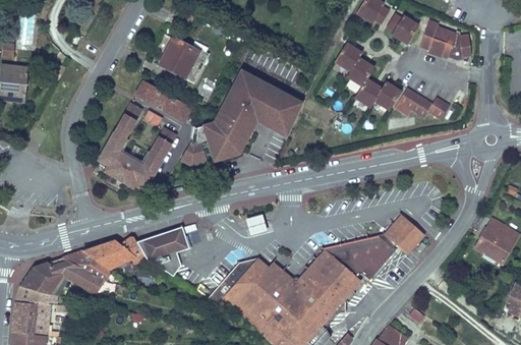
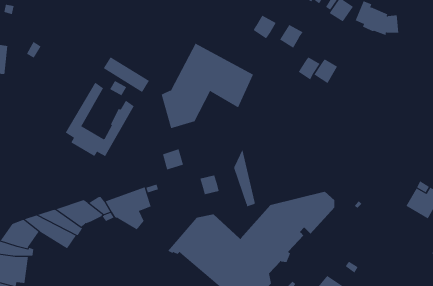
building: [158,36,210,82] -> none
building: [347,59,373,87] -> [253,15,276,39]
building: [394,88,451,119] -> none
building: [183,147,208,171] -> [162,149,184,170]
building: none -> [234,149,255,207]
building: [386,214,423,251] -> none

